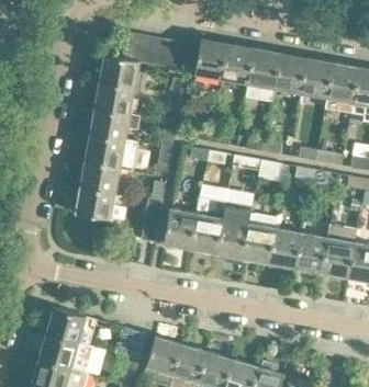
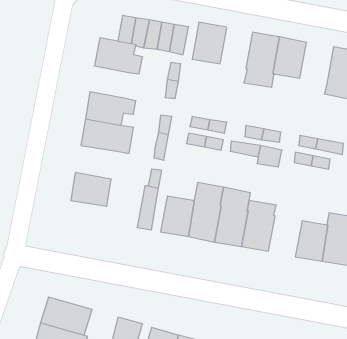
building: [222,45,254,84] -> none
building: [300,59,333,100] -> none
building: [94,82,134,114] -> none
building: [80,160,121,193] -> none
building: [269,229,302,269] -> none

